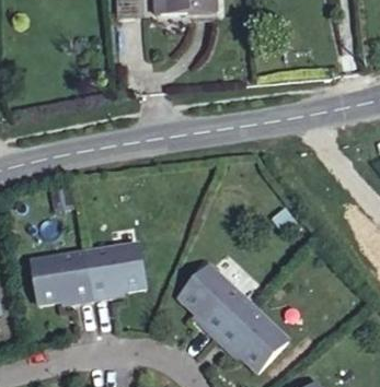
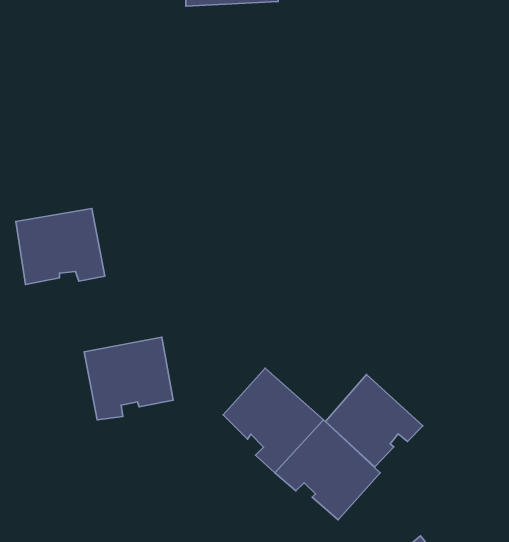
building: [33,253,93,304] -> [16,208,105,284]
building: none -> [326,375,423,467]

